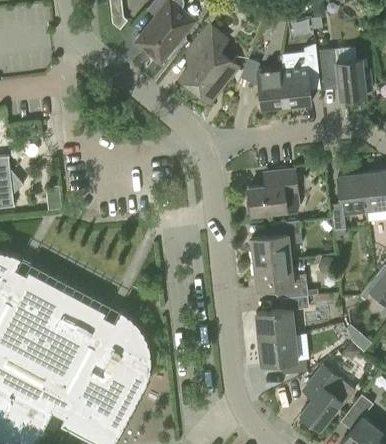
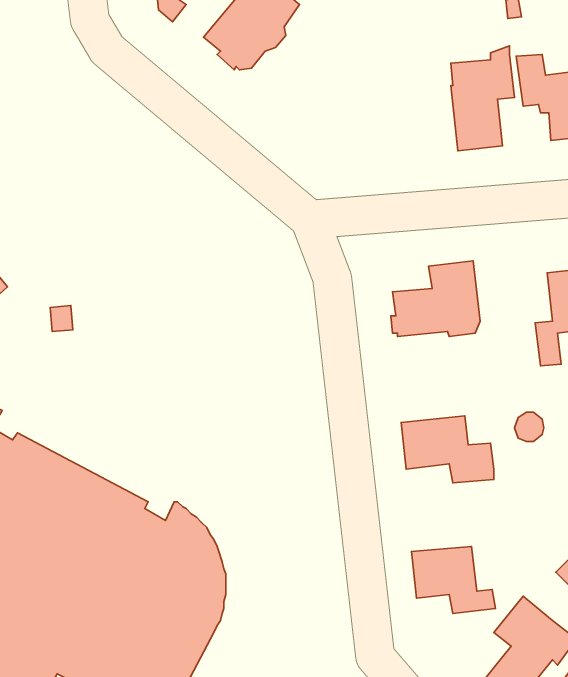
building: [181,25,233,98] -> none
building: [241,59,286,109] -> none
building: [250,222,301,264] -> none
building: [256,297,309,339] -> none

